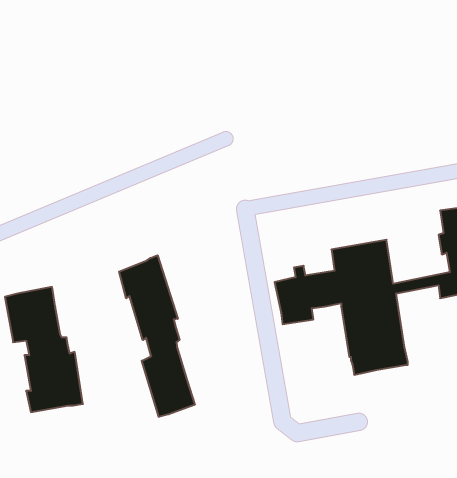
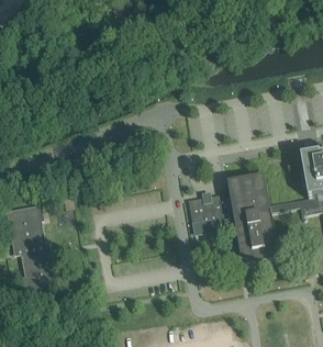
building: [119,255,195,417] -> none

